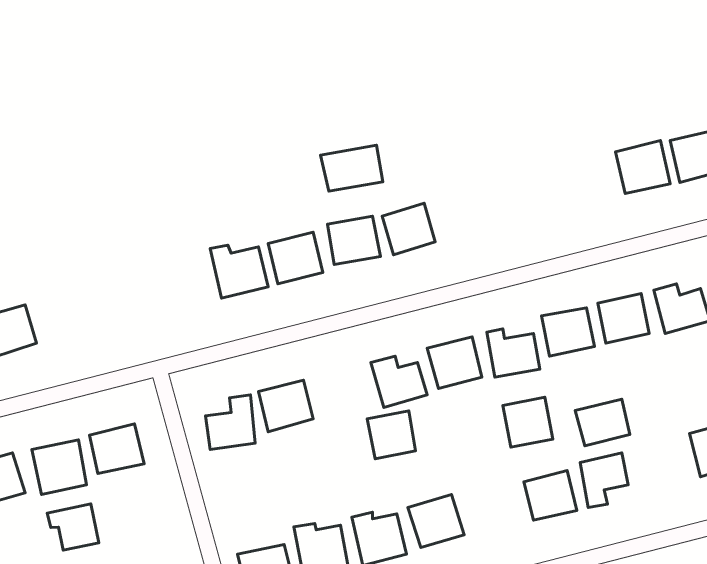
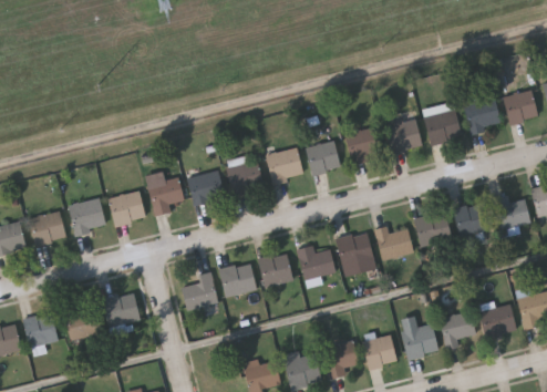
building: [321,145,383,191] -> none
building: none -> [423,111,462,145]
building: none -> [383,112,422,155]
building: none -> [344,127,382,165]
building: none -> [148,178,186,215]
building: none -> [109,192,146,226]
building: none -> [68,198,106,235]
building: [503,397,553,447] -> [363,336,398,370]
building: [575,399,630,446] -> [478,306,516,338]
building: [367,411,415,459] -> [259,254,292,287]
building: [47,504,99,550] -> none

